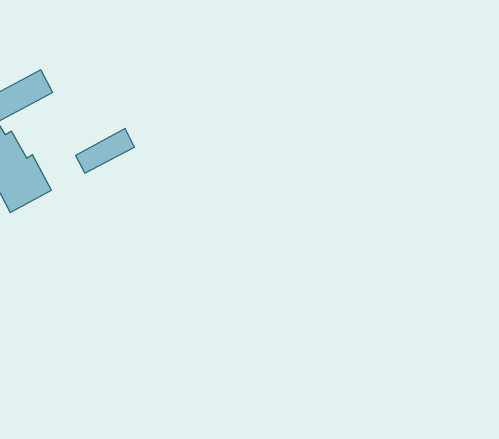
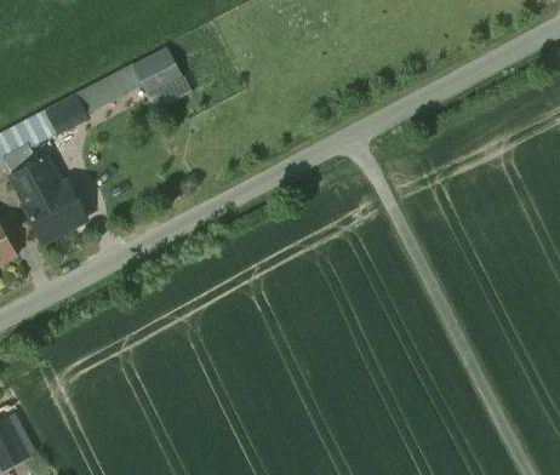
building: none -> [133,47,182,92]
building: [76,128,134,173] -> [76,67,137,113]

